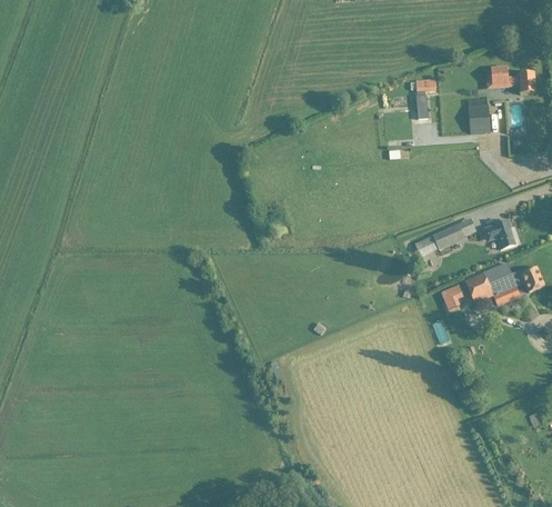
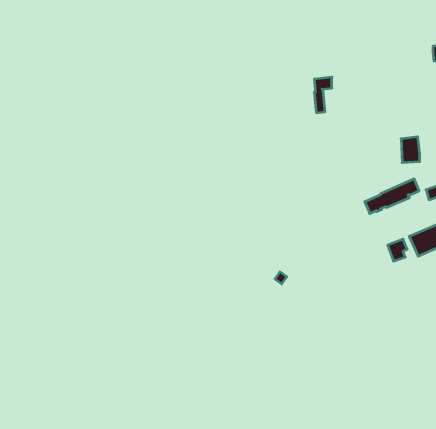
building: [415,78,435,118] -> [314,77,332,113]
building: [469,103,490,132] -> [401,137,420,163]

